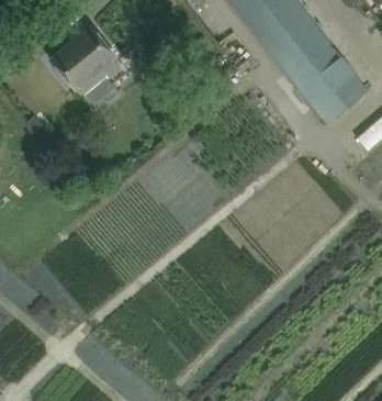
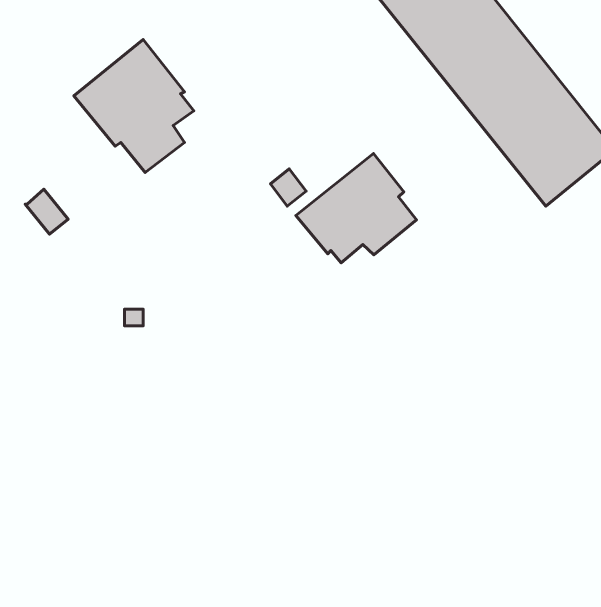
building: none -> [296,154,416,263]

